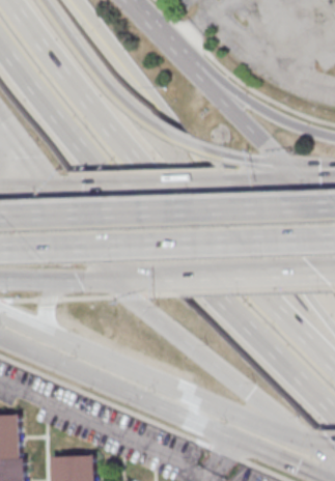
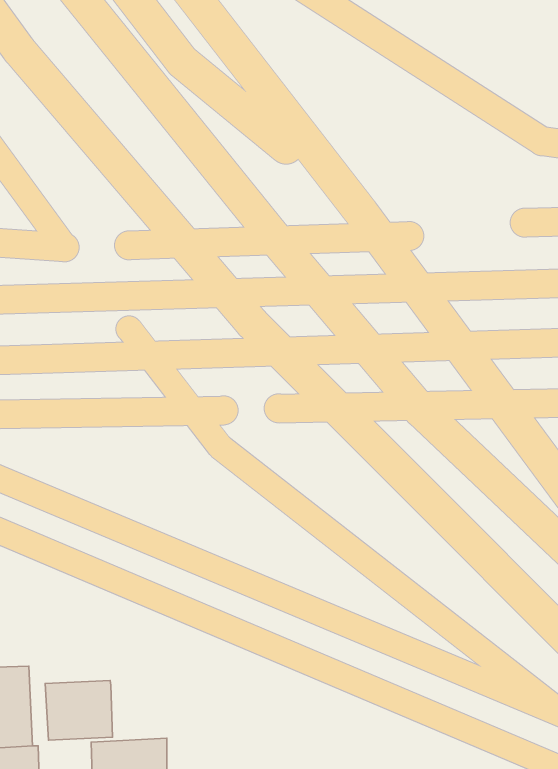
building: none -> [45,680,112,740]

